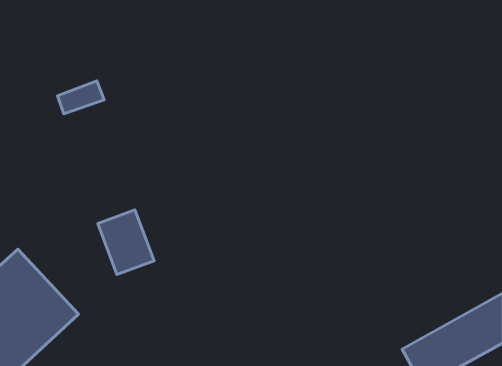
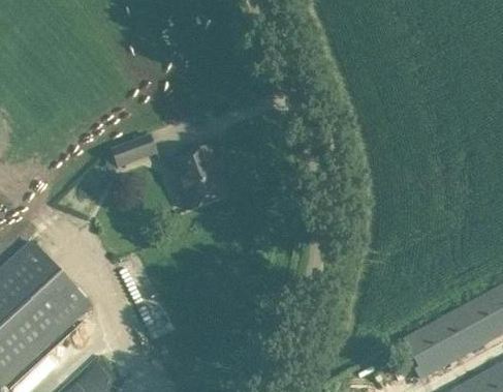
building: [57,81,104,114] -> [112,135,157,168]
building: [98,210,154,275] -> [172,148,227,211]

